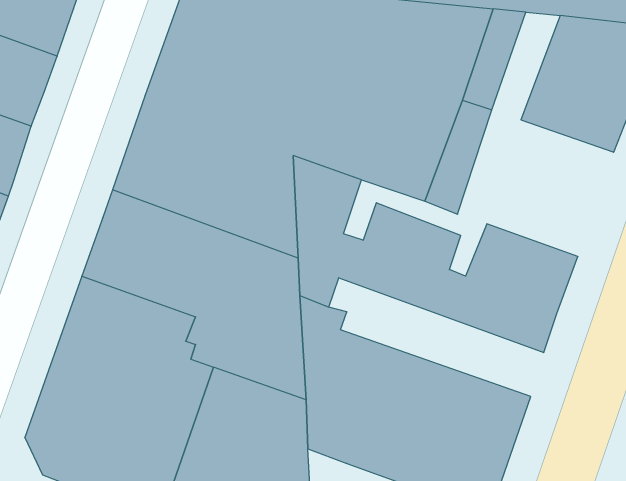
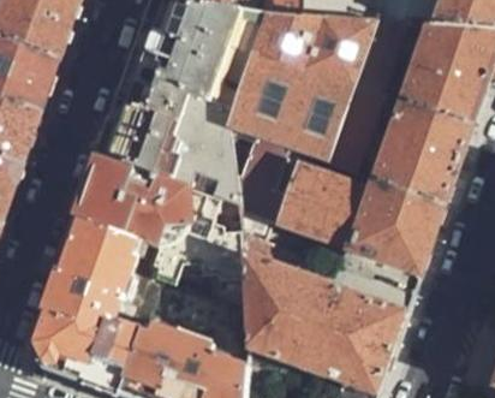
building: none -> [374,97,467,203]

